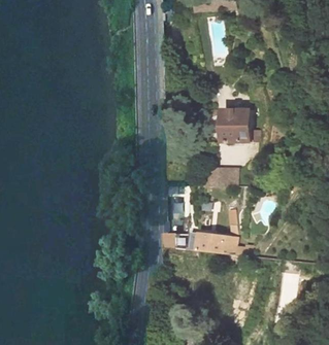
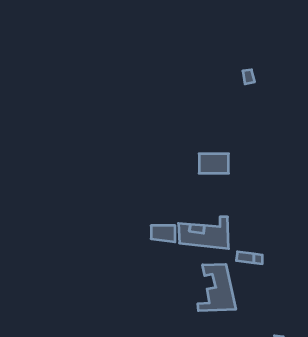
building: [221,109,250,142] -> none
building: none -> [198,264,236,311]

